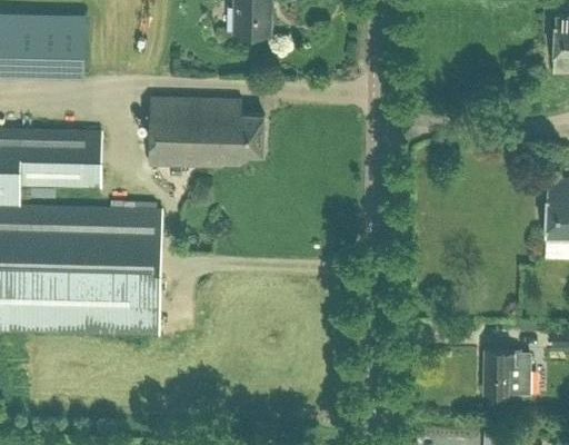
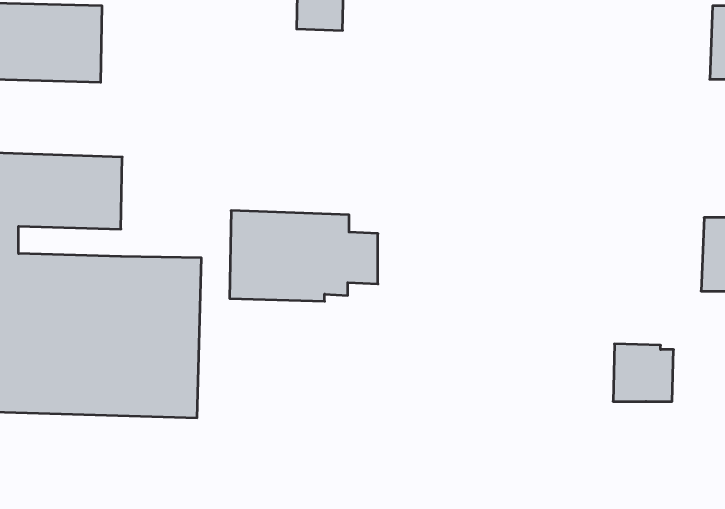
building: [149,98,263,168] -> [230,211,378,301]
building: [483,349,530,394] -> [613,344,674,401]

